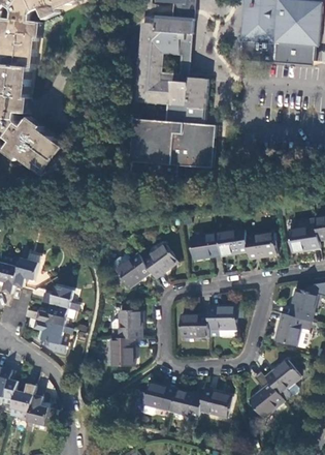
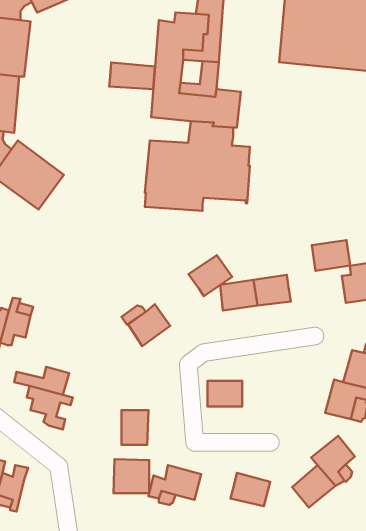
building: none -> [109,62,155,89]
building: [246,232,277,256] -> [312,240,350,271]
building: [142,242,177,275] -> [189,255,232,296]
building: [42,284,79,309] -> none
building: [208,305,243,334] -> none
building: [111,309,140,337] -> none
building: none -> [113,459,149,493]
building: [170,389,202,416] -> none
building: [24,393,57,430] -> none

